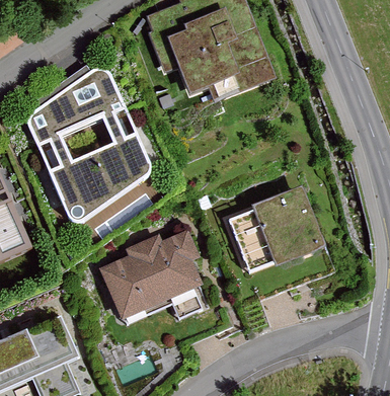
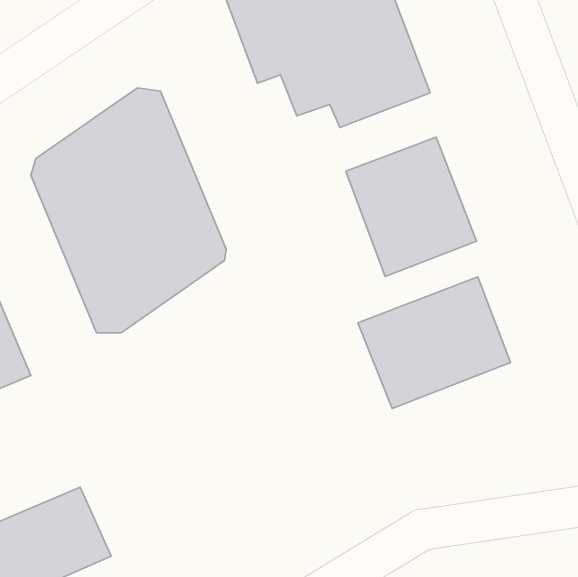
building: none -> [346,137,476,276]
building: [101,240,198,321] -> none

